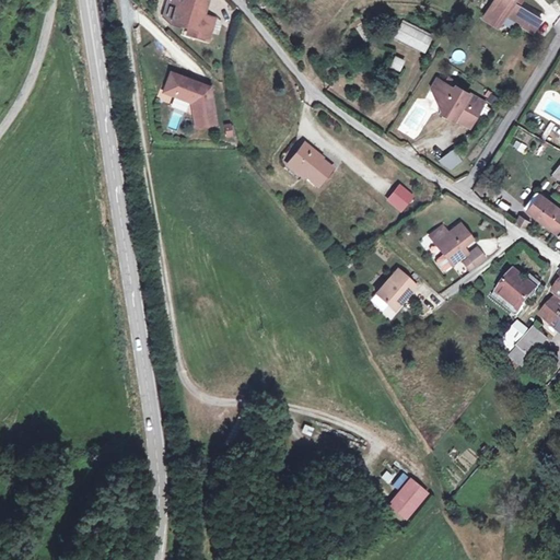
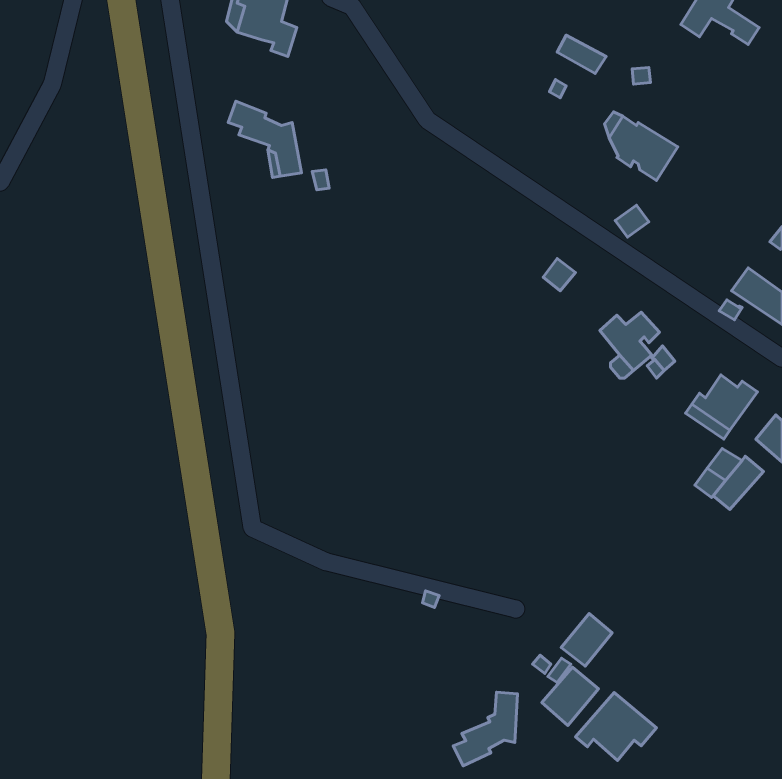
building: [288,143,329,186] -> none
building: [375,269,412,310] -> none
building: none -> [561,614,612,666]
building: none -> [453,692,517,766]
building: none -> [576,693,657,761]

